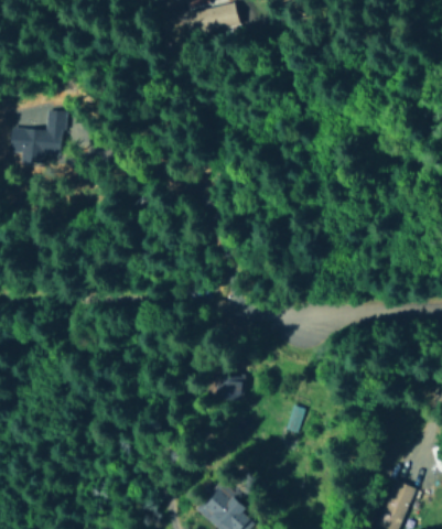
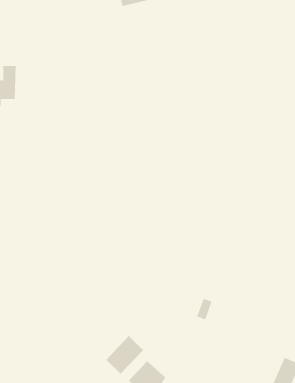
building: [216,373,245,399] -> none
building: none -> [105,335,144,375]

